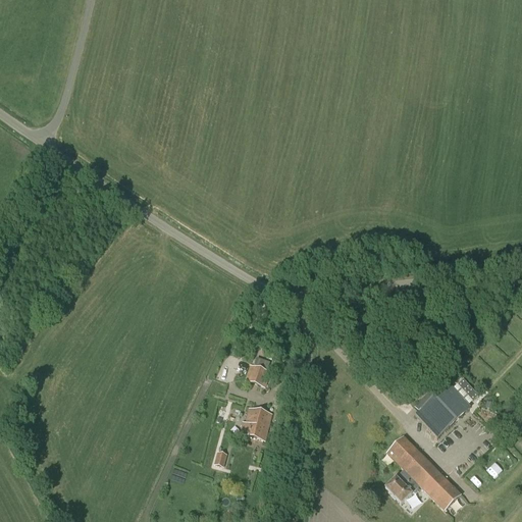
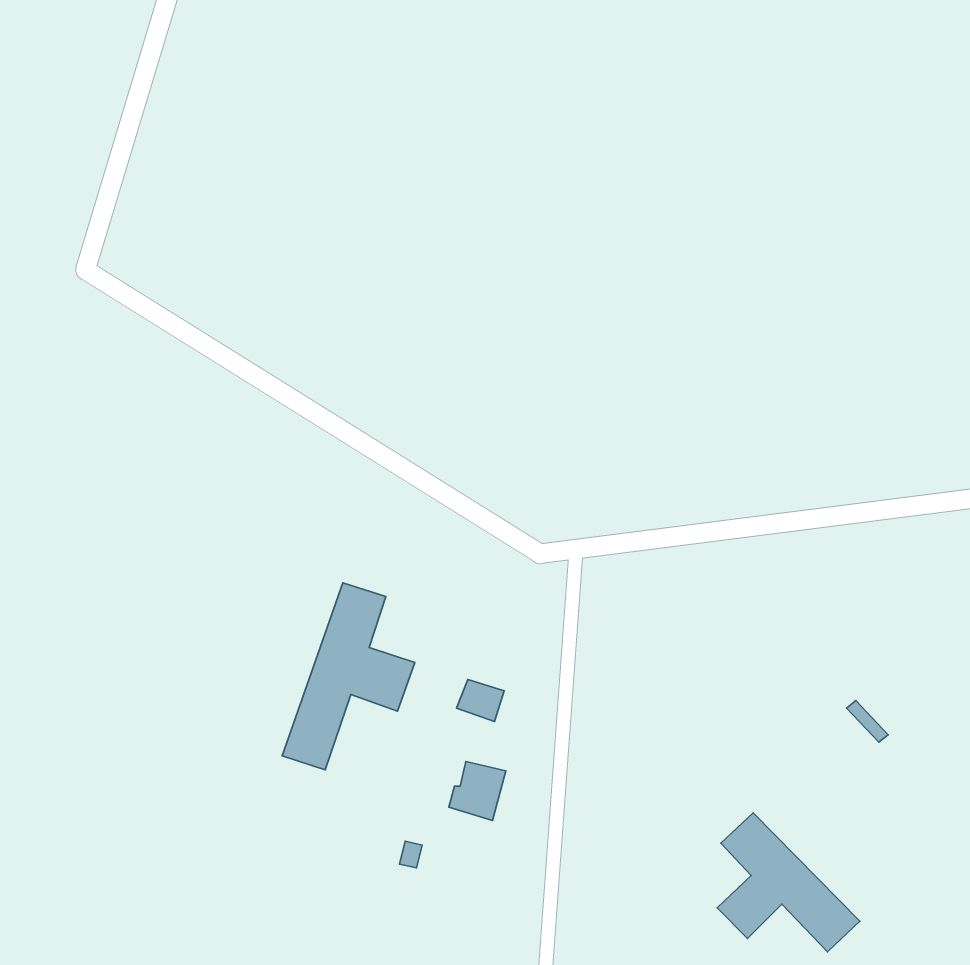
building: none -> [282,583,415,770]
building: [415,376,471,436] -> none

